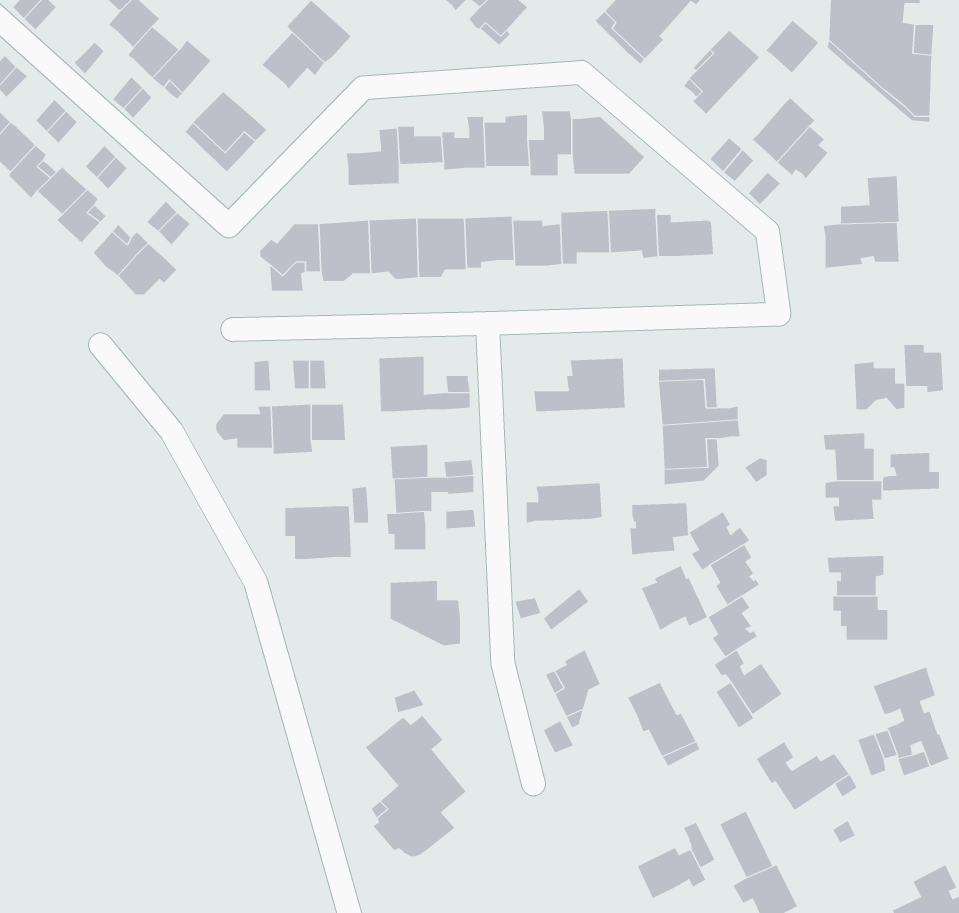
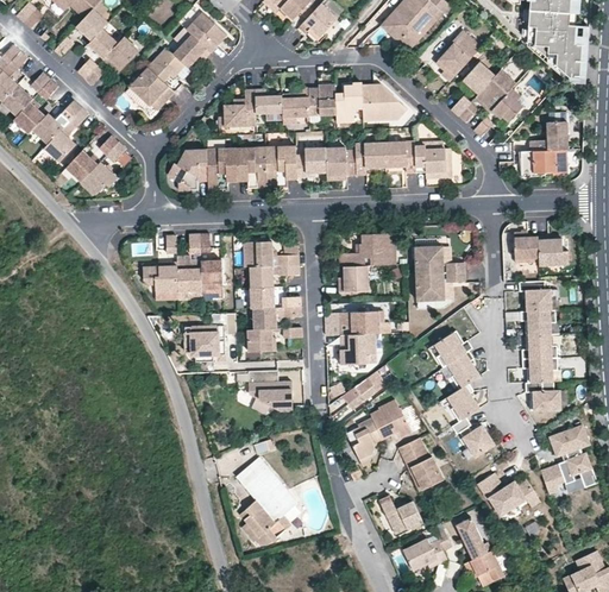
building: [765,20,819,74] -> [460,63,494,96]
building: none -> [146,48,184,82]
building: [904,344,944,392] -> [514,233,539,263]
building: none -> [250,265,300,289]
building: none -> [338,266,370,294]
building: [882,452,940,491] -> [521,334,557,358]
building: [630,503,689,555] -> [339,334,376,366]
building: [641,565,708,630] -> [370,398,412,439]
building: none -> [381,498,422,534]

